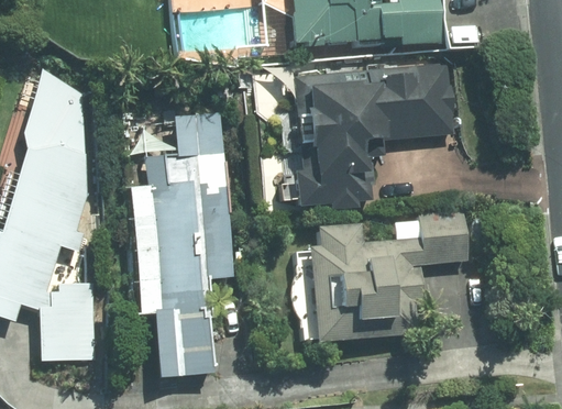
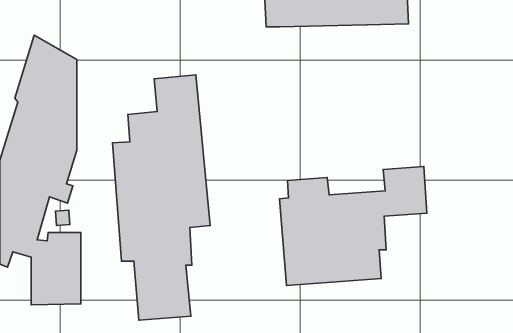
building: [293,65,454,210] -> none

